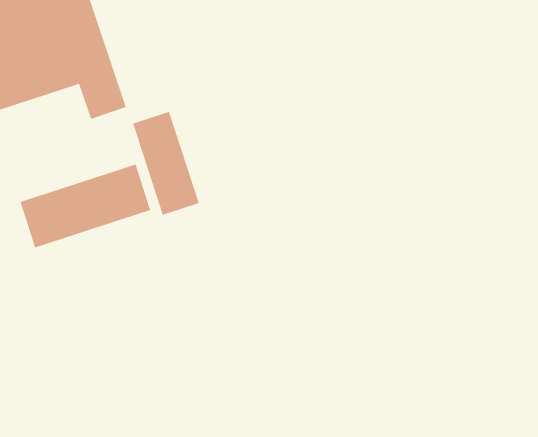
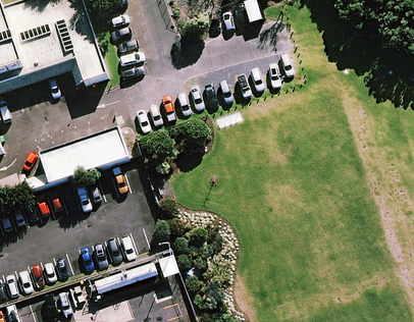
building: [132,111,200,216] -> none

